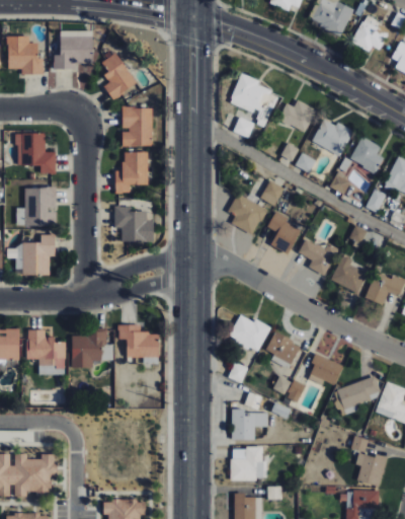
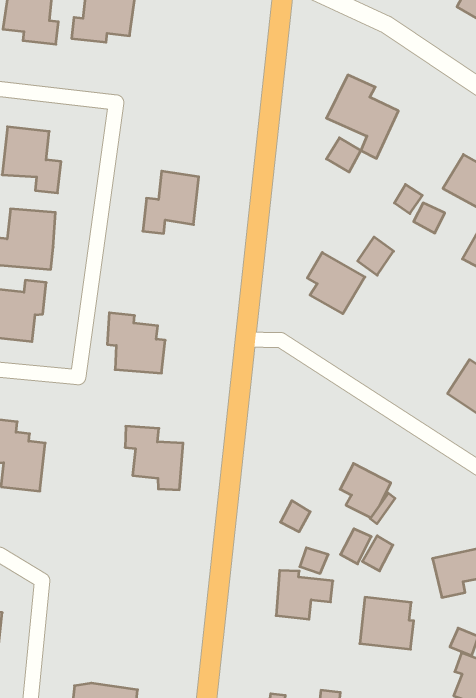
building: [102,53,137,100] -> none
building: [279,99,319,133] -> none
building: [122,107,153,146] -> none
building: [114,206,154,243] -> [107,313,165,373]
building: [268,211,301,253] -> none
building: [299,238,339,275] -> none
building: [230,313,270,352] -> none
building: [71,328,107,368] -> none
building: [309,354,343,385] -> none
building: [232,448,266,479] -> [360,597,414,649]

